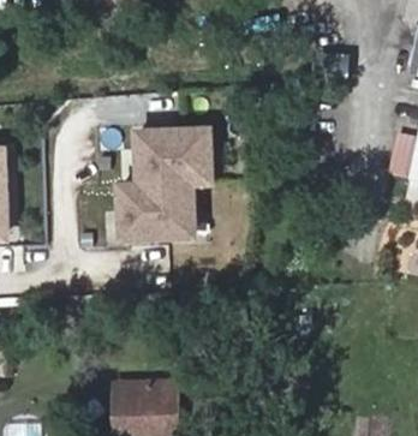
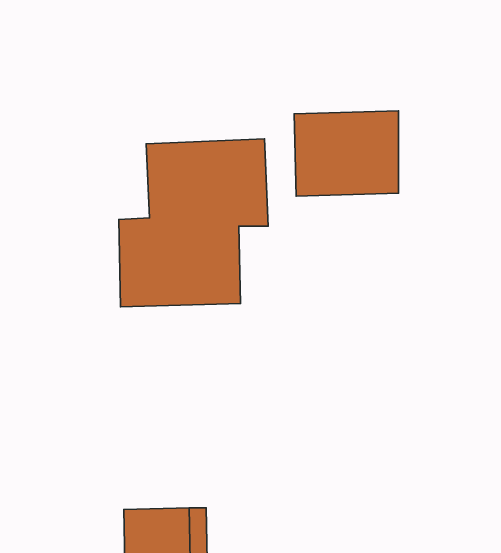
building: none -> [294,111,399,196]

